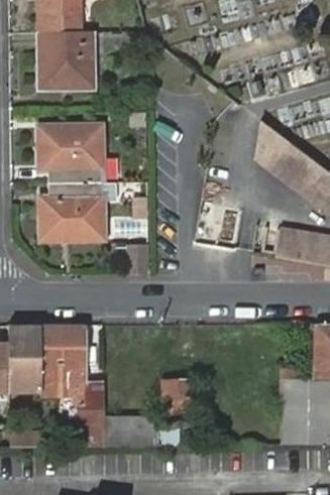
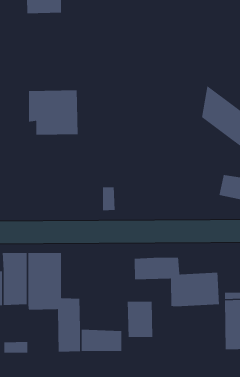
building: [39,30,91,87] -> none
building: [42,179,104,238] -> none
building: none -> [134,257,220,307]

